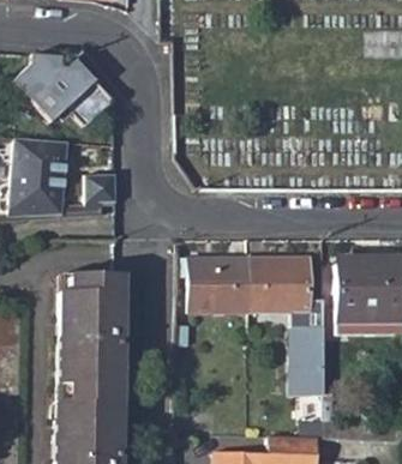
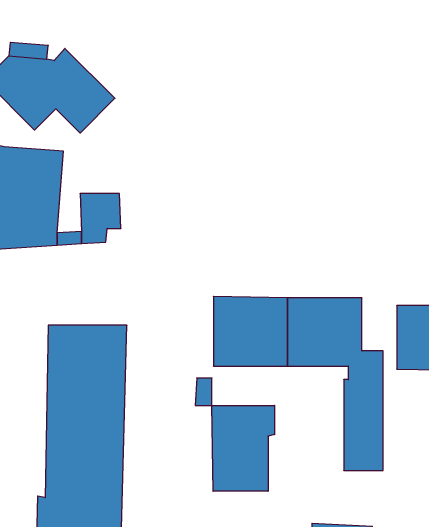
building: none -> [212,405,275,491]

